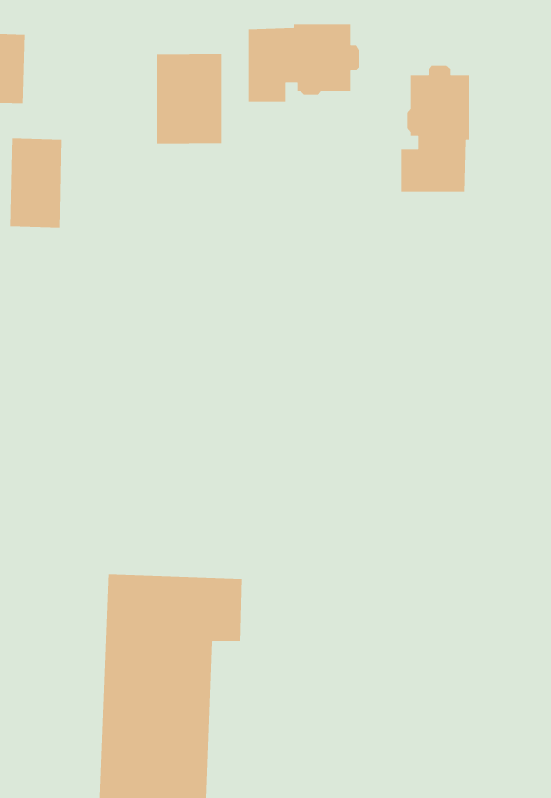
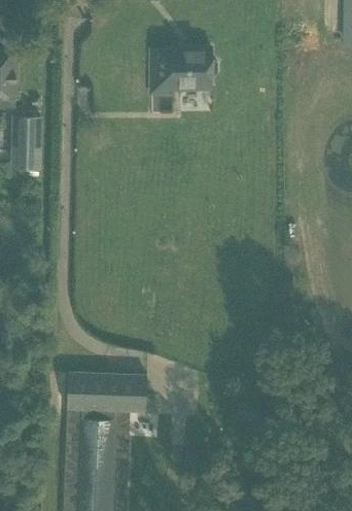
building: [156,53,222,144] -> none
building: [400,65,470,192] -> none

